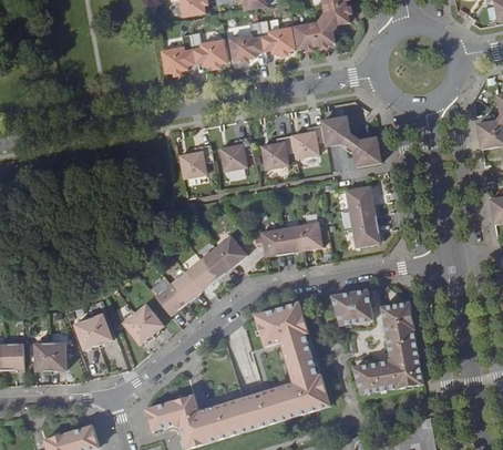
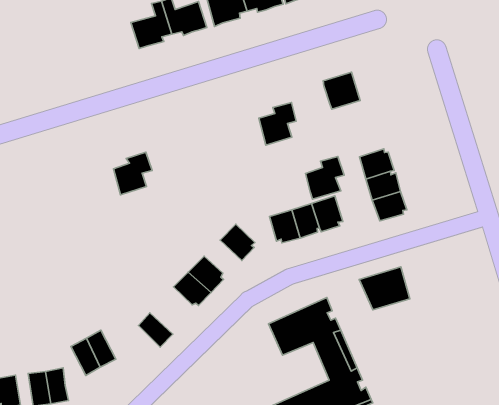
building: [291,124,325,158] -> [305,157,344,199]
building: [219,136,253,172] -> none
building: [351,137,382,166] -> none
building: [179,144,213,178] -> [114,152,152,195]
building: [199,247,232,277] -> none
building: [154,283,185,316] -> none
building: [352,301,421,392] -> none
building: [122,313,152,344] -> none

